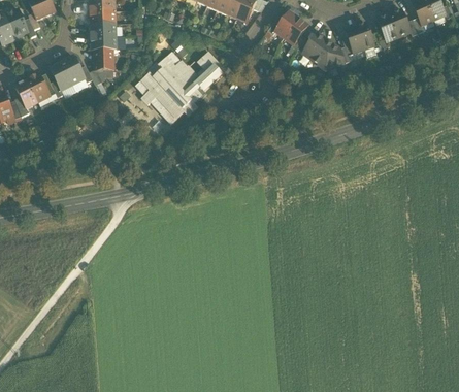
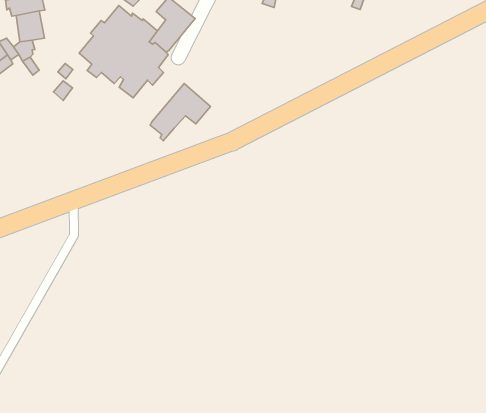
building: none -> [150,83,210,141]

